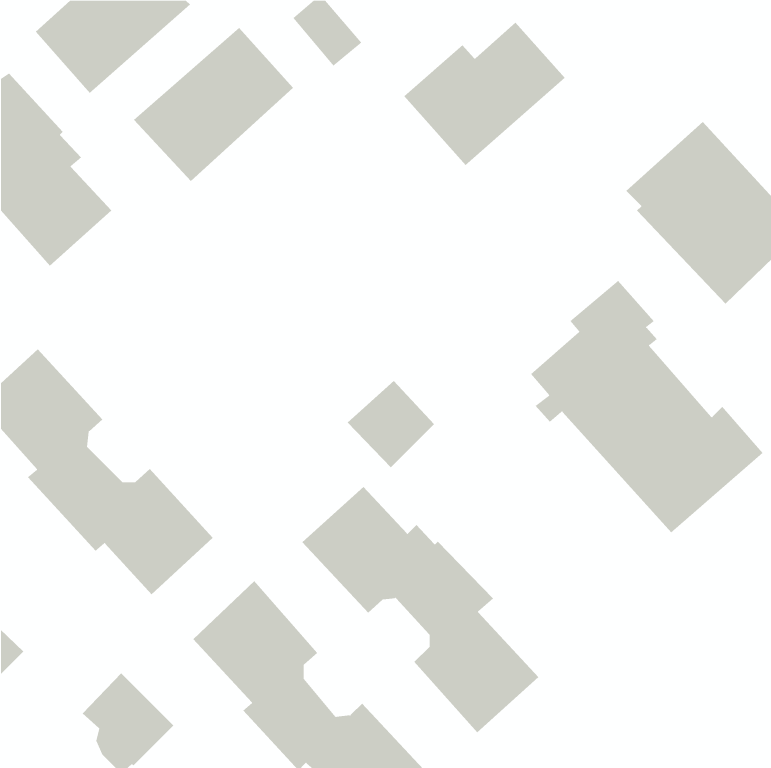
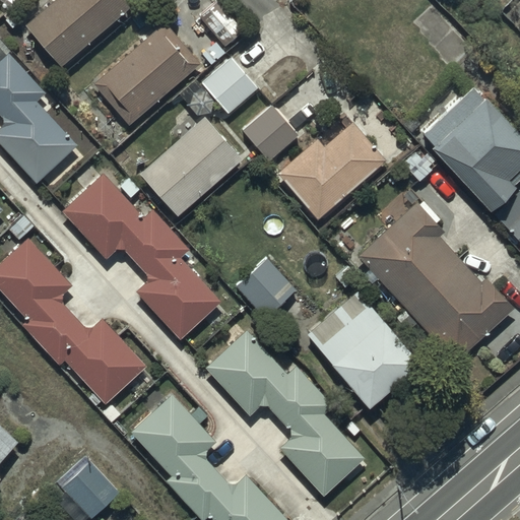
building: [404,22,566,166] -> [277,123,386,219]
building: none -> [139,57,258,215]
building: none -> [242,106,298,160]
building: none -> [61,174,220,339]
building: none -> [307,290,419,407]

